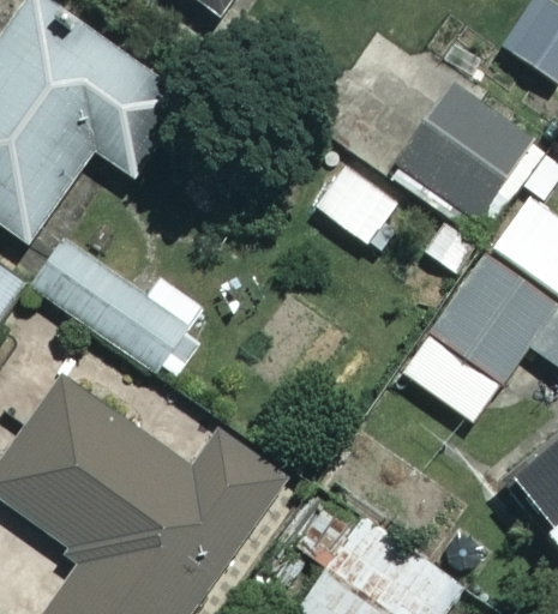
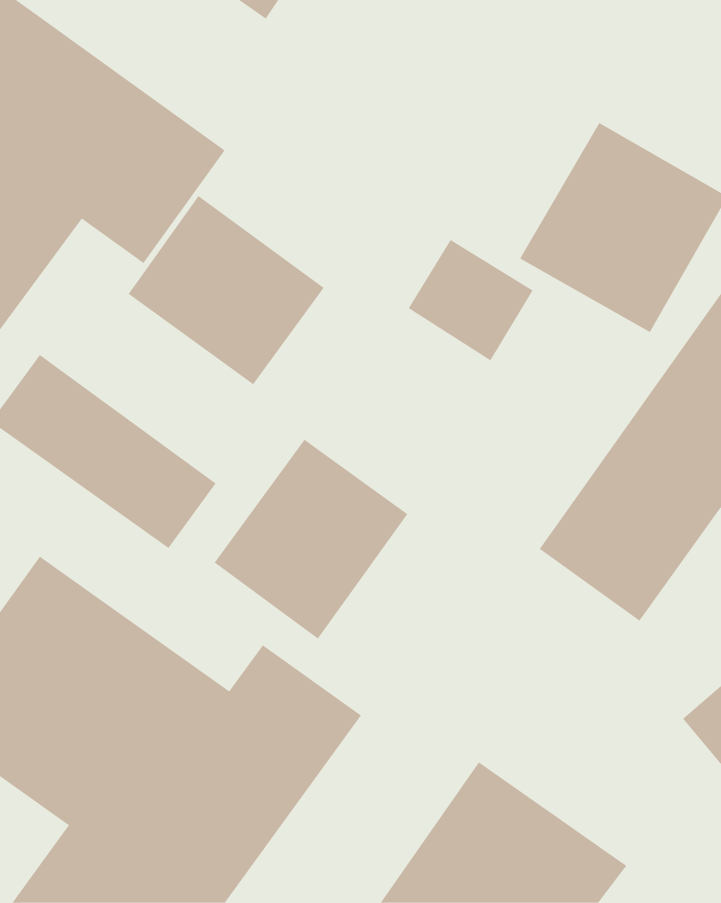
building: none -> [128,195,324,385]
building: none -> [214,439,408,640]

